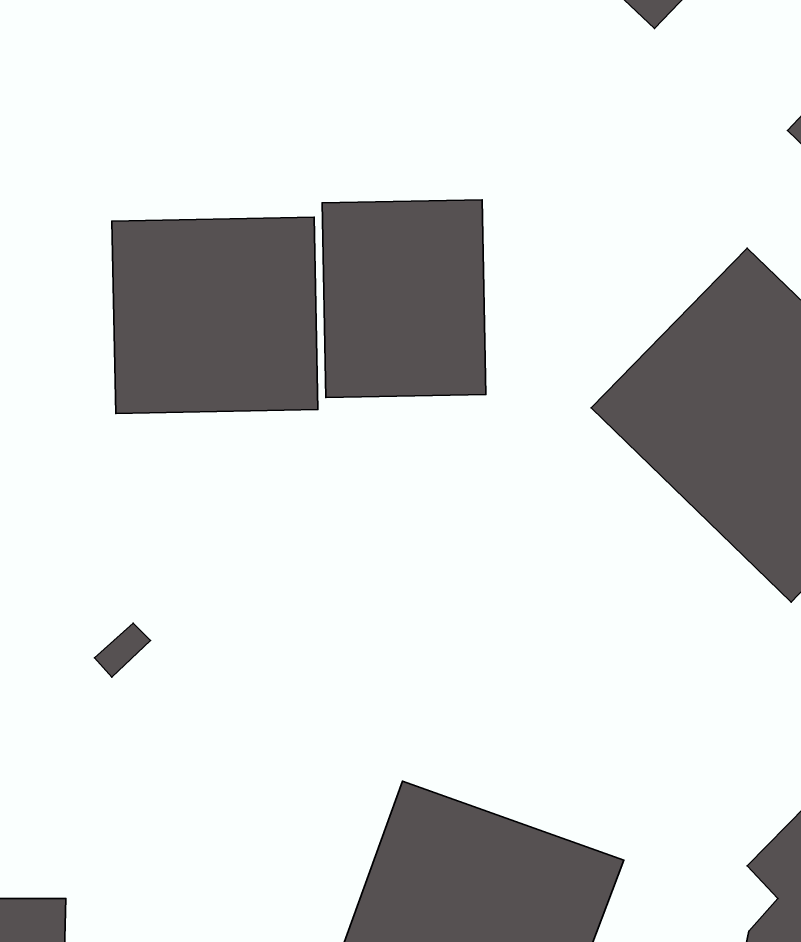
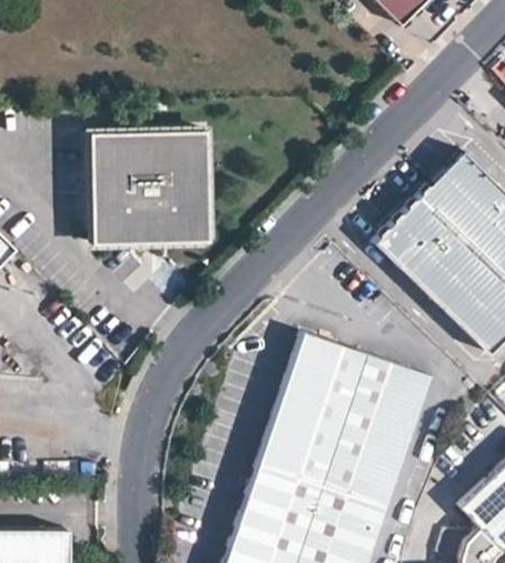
building: [322,200,486,398] -> none
building: none -> [260,332,433,502]

